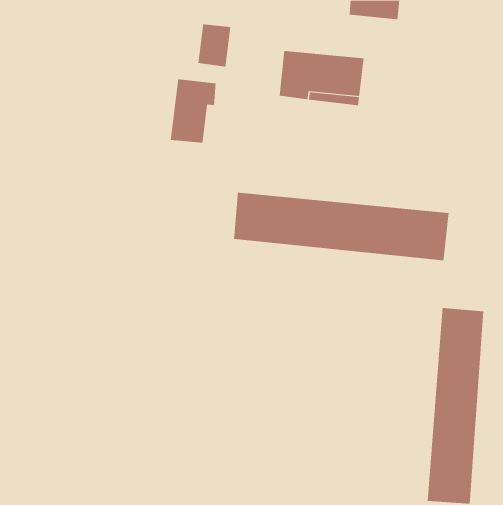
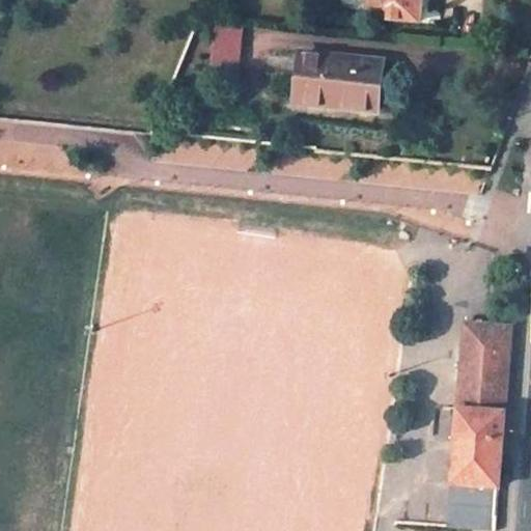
building: [170,79,216,143] -> none
building: [234,192,449,261] -> none

